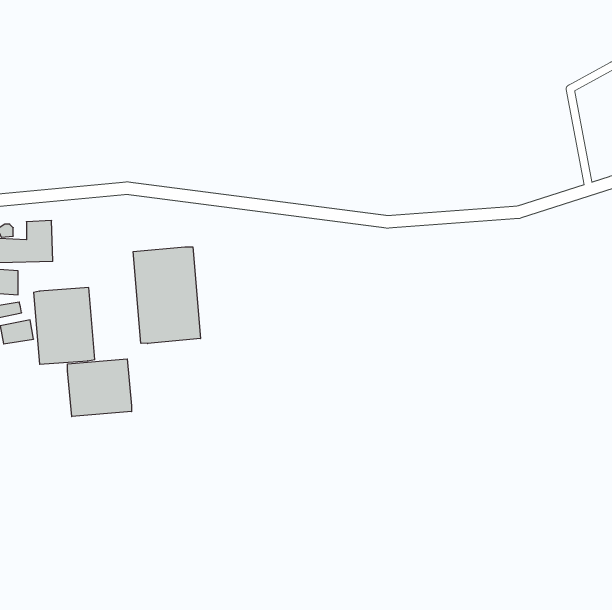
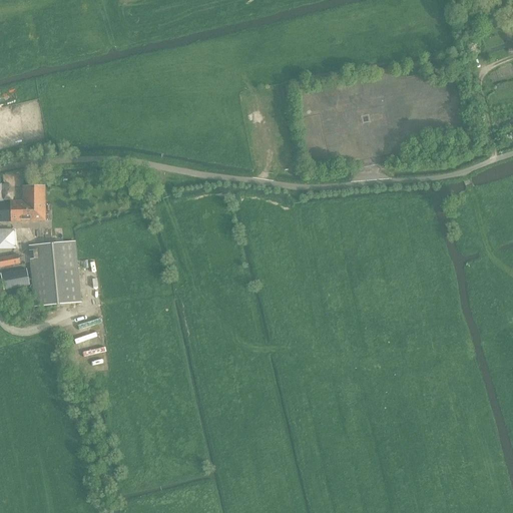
building: [133,247,200,344] -> none
building: [68,359,132,417] -> none

